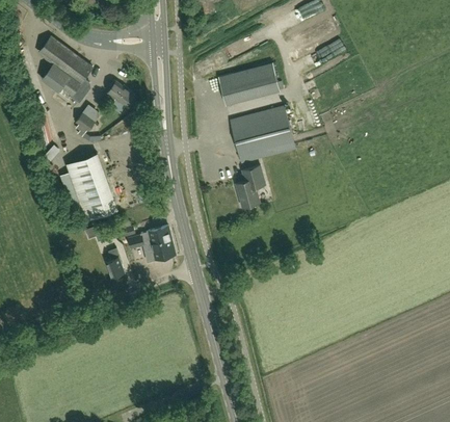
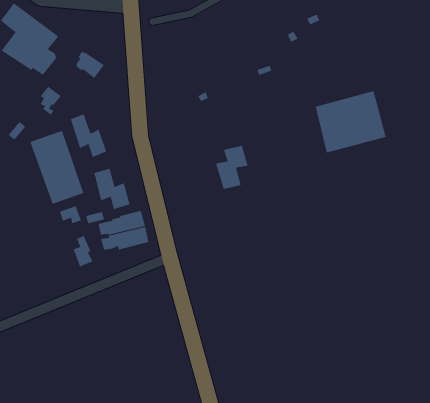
building: [218,62,280,104] -> none
building: [230,106,295,163] -> [315,90,387,153]
building: none -> [70,114,107,158]
building: none -> [94,168,130,210]

